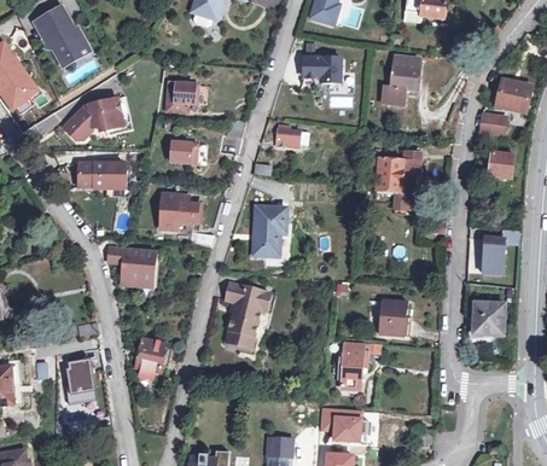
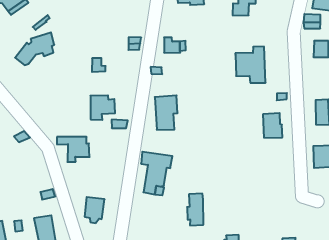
building: [167,80,199,111] -> none
building: [77,164,124,187] -> none
building: [380,299,408,336] -> [263,113,282,138]
building: [338,342,363,388] -> [187,194,203,225]

